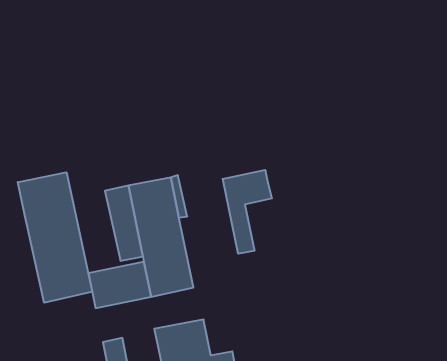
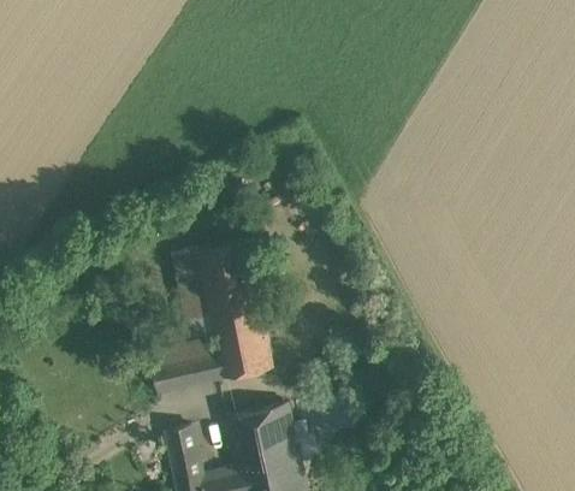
building: [223,170,272,254] -> none
building: [18,172,92,303] -> none

